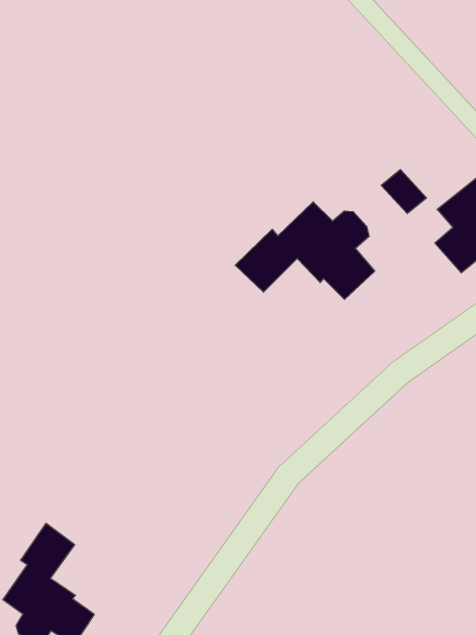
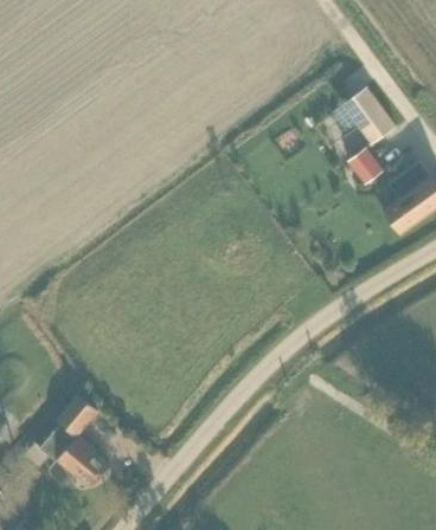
building: none -> [341,86,397,146]
building: [235,202,375,299] -> none

